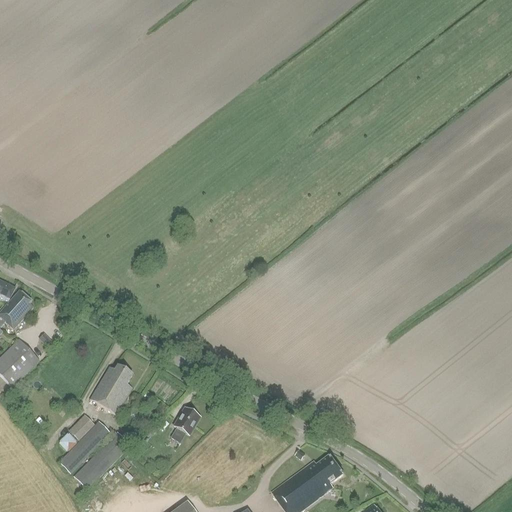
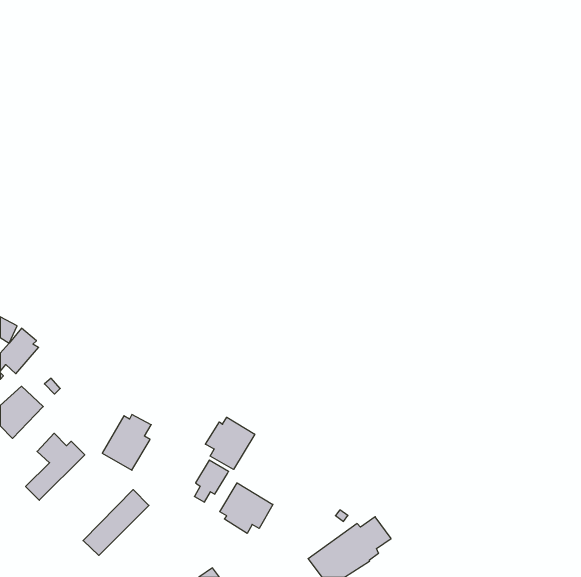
building: none -> [205,417,255,469]
building: [59,414,111,473] -> [26,433,85,500]
building: none -> [220,483,273,533]

